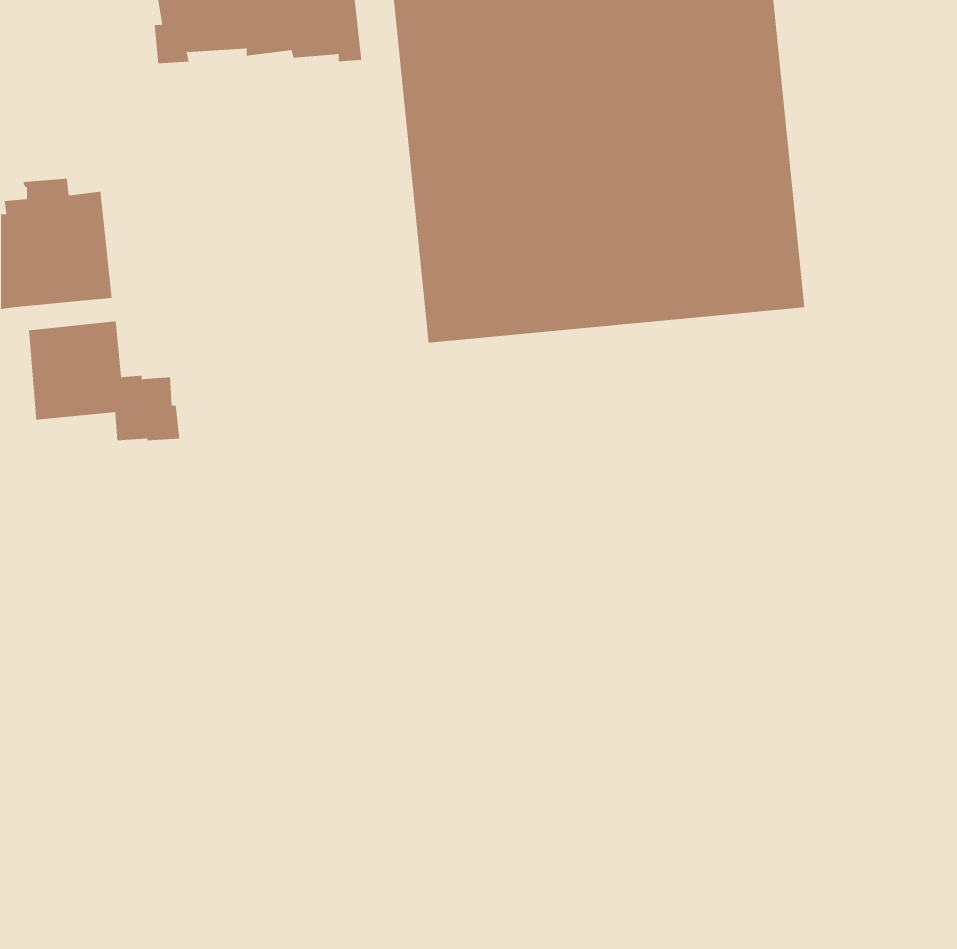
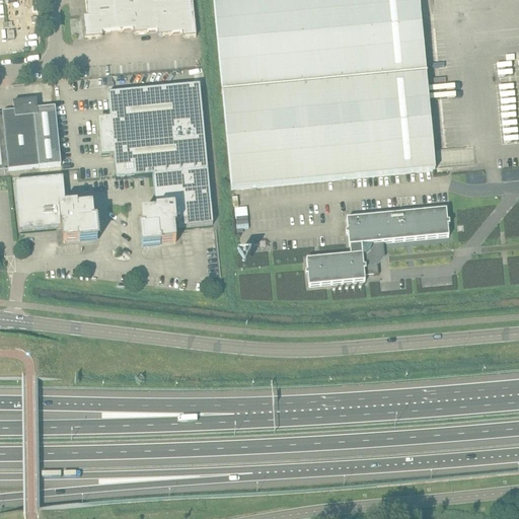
building: none -> [108,81,214,244]
building: none -> [307,206,449,283]

